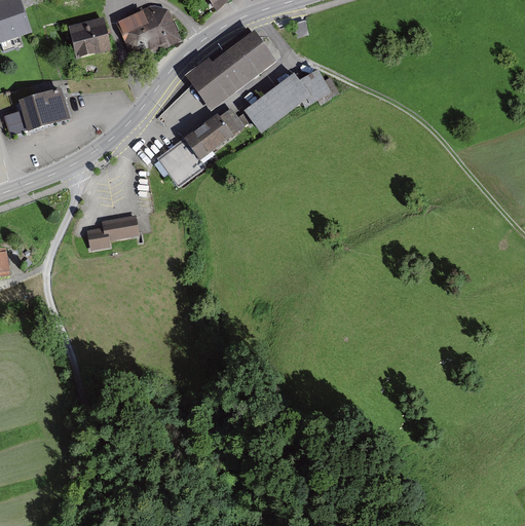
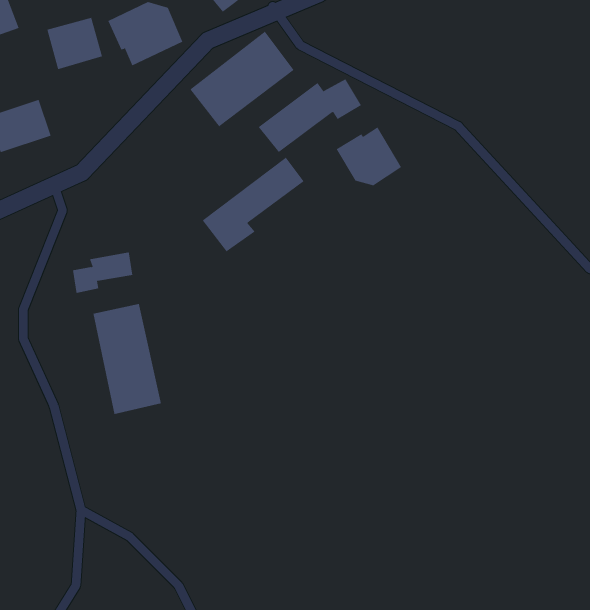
building: [157,105,243,185] -> [202,157,304,252]
building: none -> [336,127,402,186]
building: none -> [93,303,161,415]

